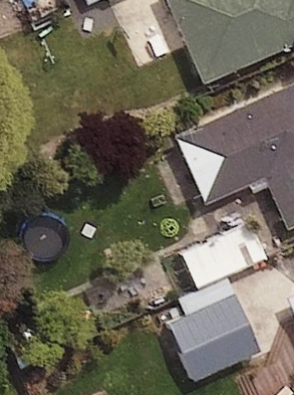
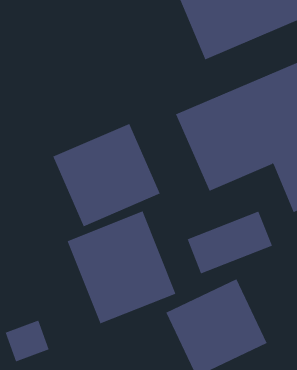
building: none -> [53,123,160,227]
building: none -> [67,211,176,324]

